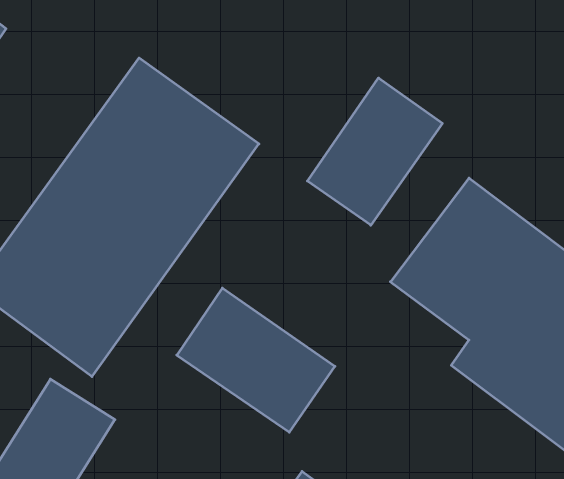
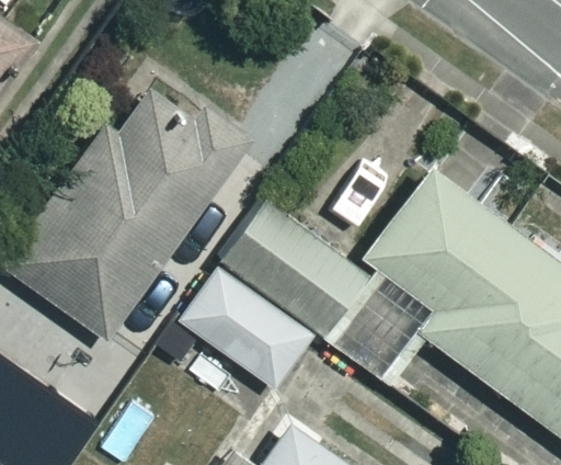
building: [307,78,442,225] -> none
building: none -> [219,204,375,344]

